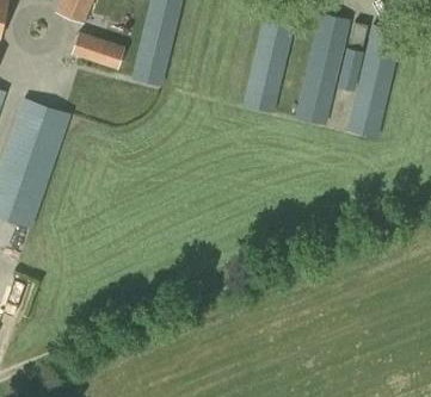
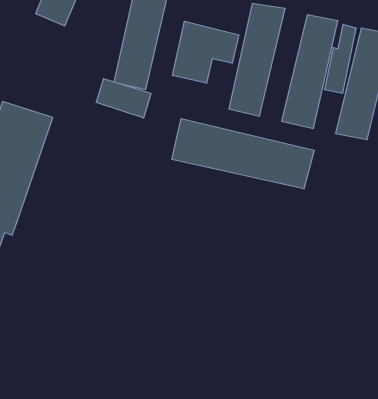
building: none -> [173,21,239,83]
building: [70,32,124,70] -> [96,79,151,118]
building: none -> [172,119,314,189]

